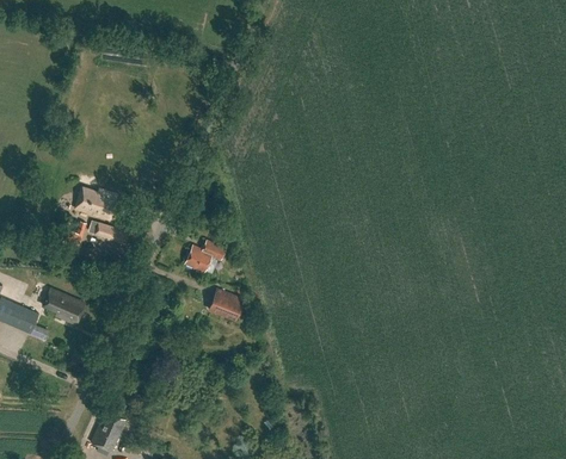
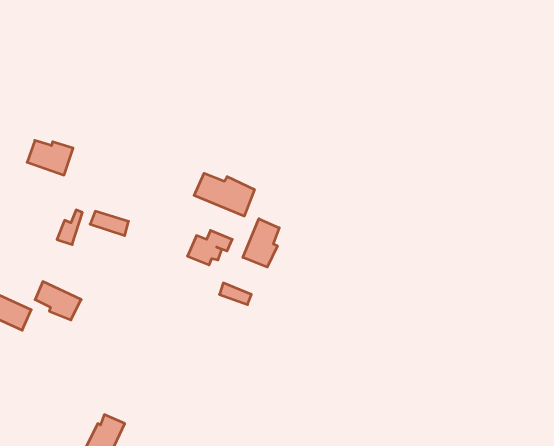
building: none -> [194,173,254,216]
building: [74,188,117,221] -> [27,140,73,175]
building: none -> [243,219,279,267]

